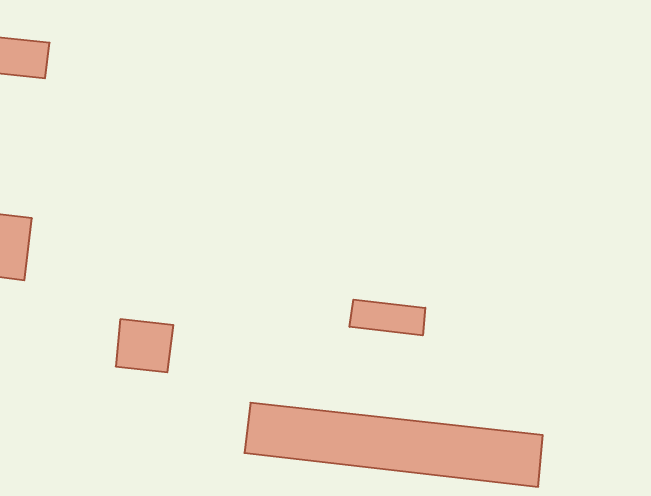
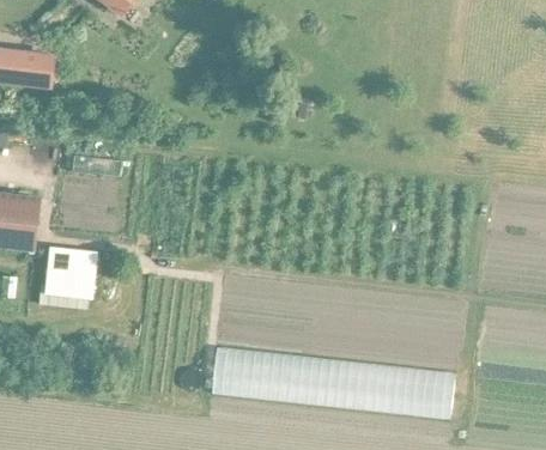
building: [350,300,425,335] -> none
building: [116,319,173,372] -> [48,249,95,292]

